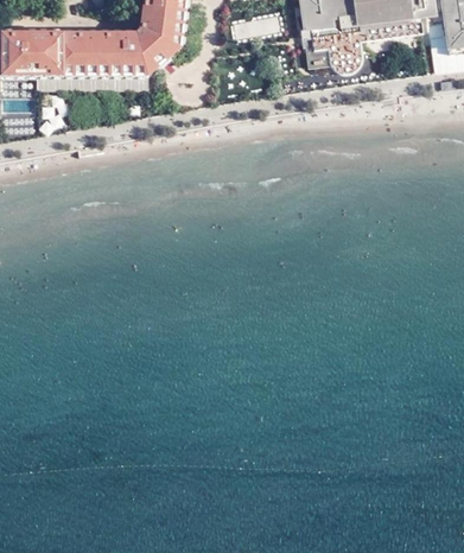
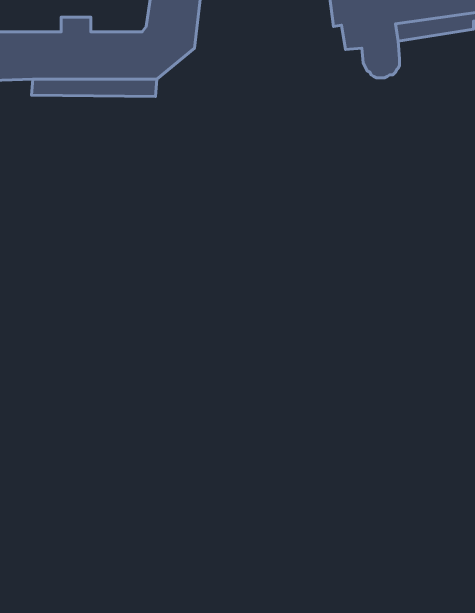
building: [299,25,330,63] -> none

